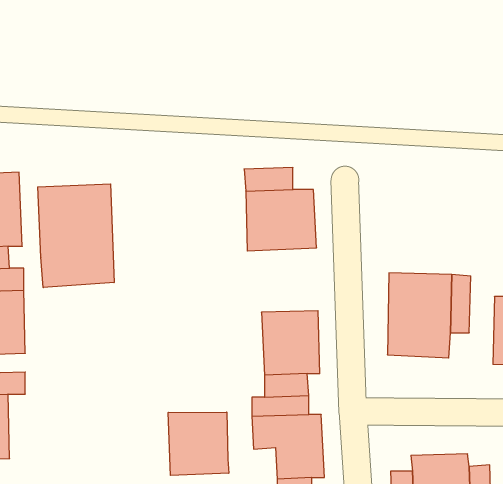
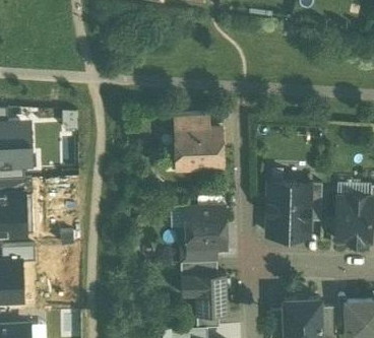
building: [38,184,114,288] -> none
building: [168,412,229,475] -> none

